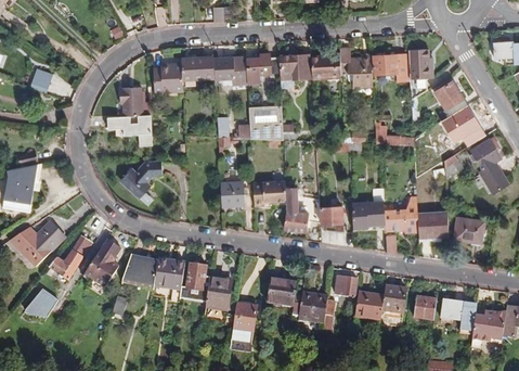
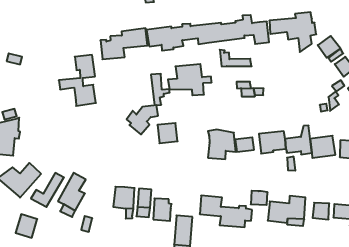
building: [374,121,414,145] -> [220,50,252,66]
building: [121,161,163,197] -> [127,105,158,134]
building: [252,180,286,202] -> none
building: [122,254,158,286] -> none

